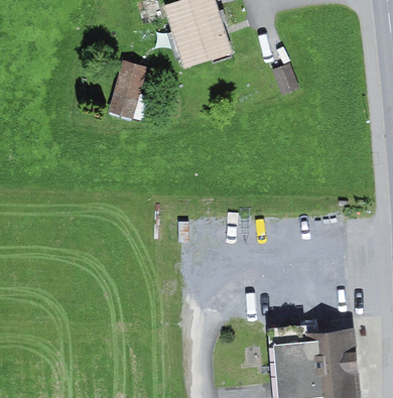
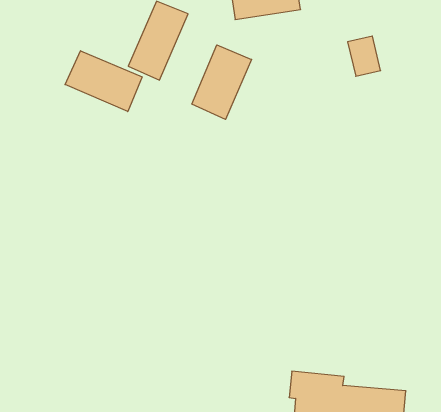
building: none -> [192,45,252,119]
building: none -> [65,51,142,112]

